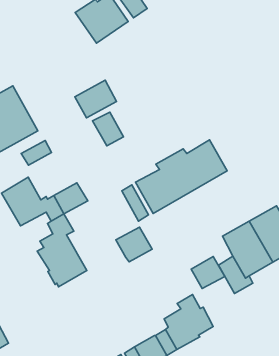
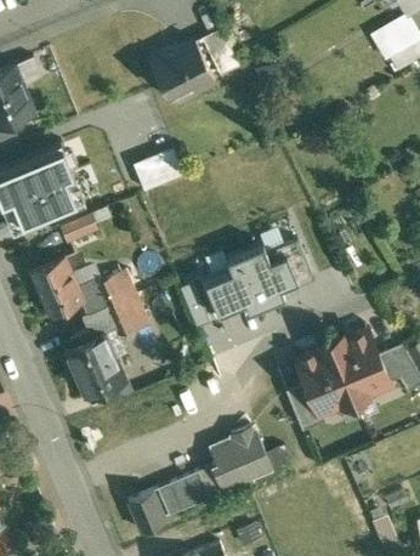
building: [93,112,123,146] -> none
building: [116,227,152,262] -> [104,295,148,336]
building: [191,257,225,289] -> none

